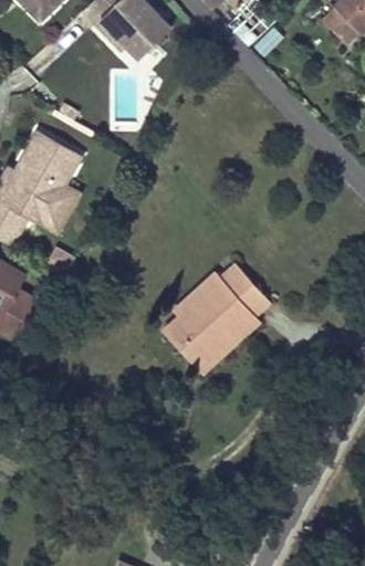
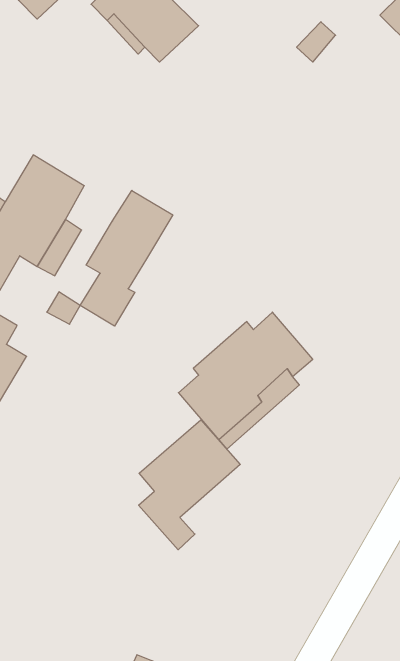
building: none -> [80,190,173,326]
building: none -> [139,420,240,550]

